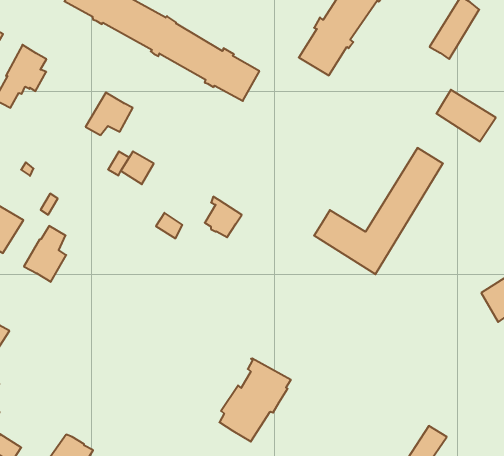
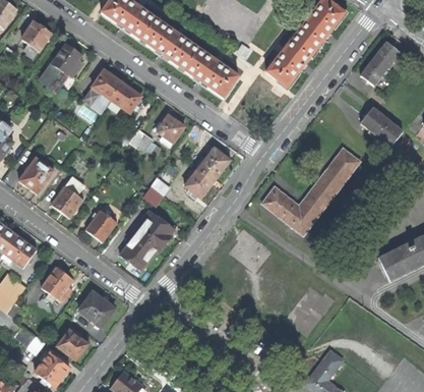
building: none -> [84,70,123,112]
building: none -> [156,115,185,148]
building: none -> [197,148,231,182]
building: none -> [85,209,116,240]
building: none -> [41,265,72,301]
building: [219,359,291,442] -> [119,210,174,270]
building: none -> [78,290,115,326]

